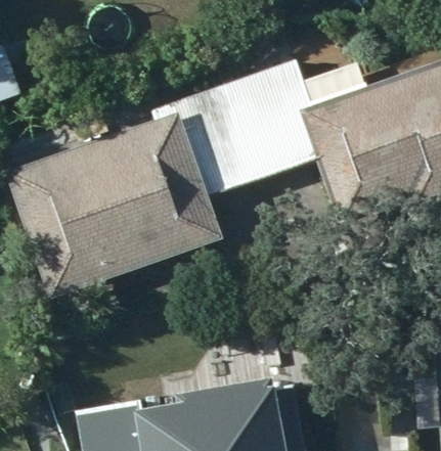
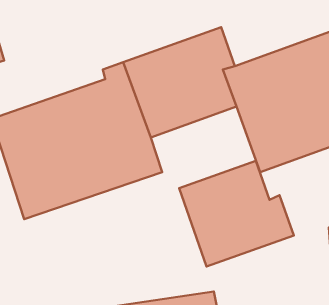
building: none -> [179,161,294,267]

